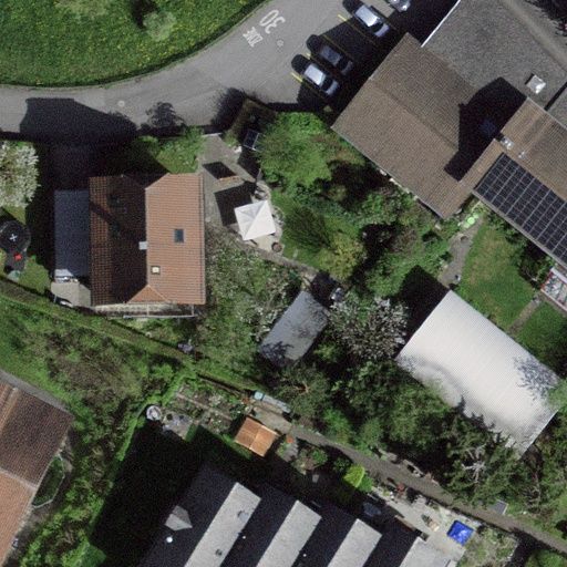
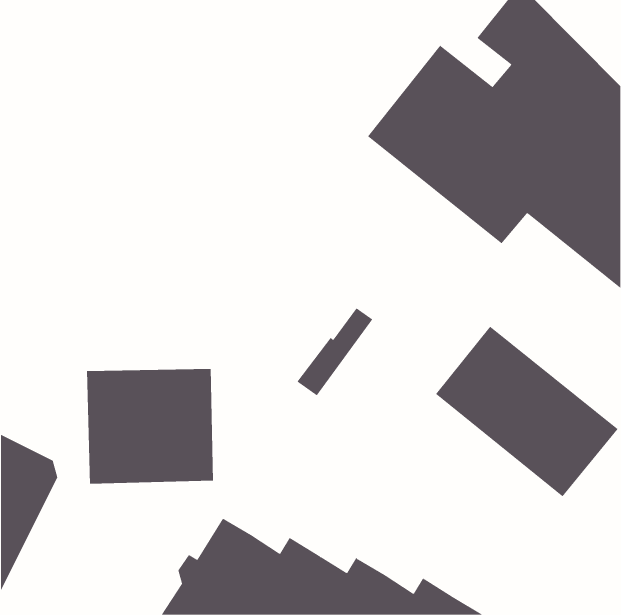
building: [95,188,190,298] -> none
building: none -> [86,368,213,484]

